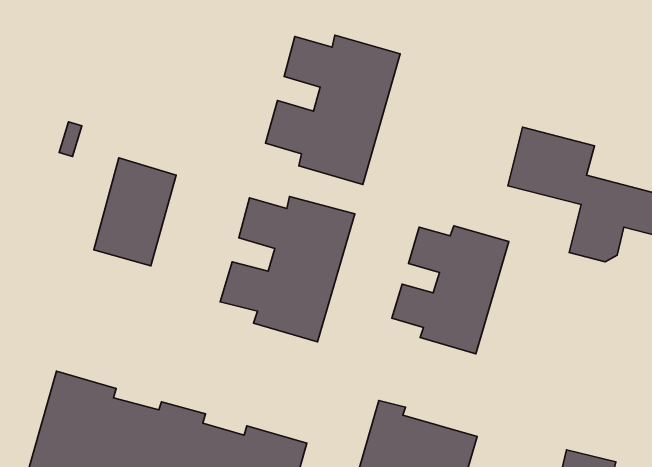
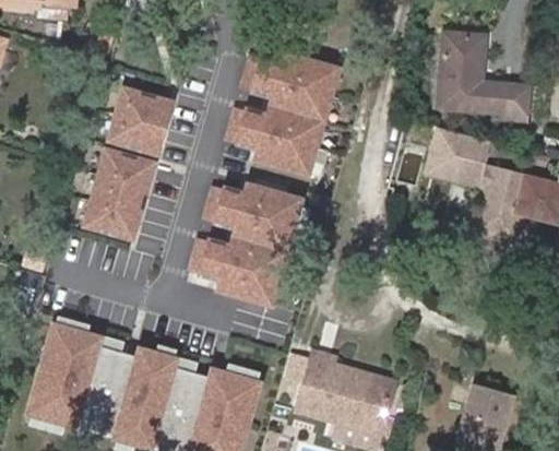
building: none -> [444,29,533,109]
building: none -> [108,90,169,153]
building: [392,226,509,354] -> none

